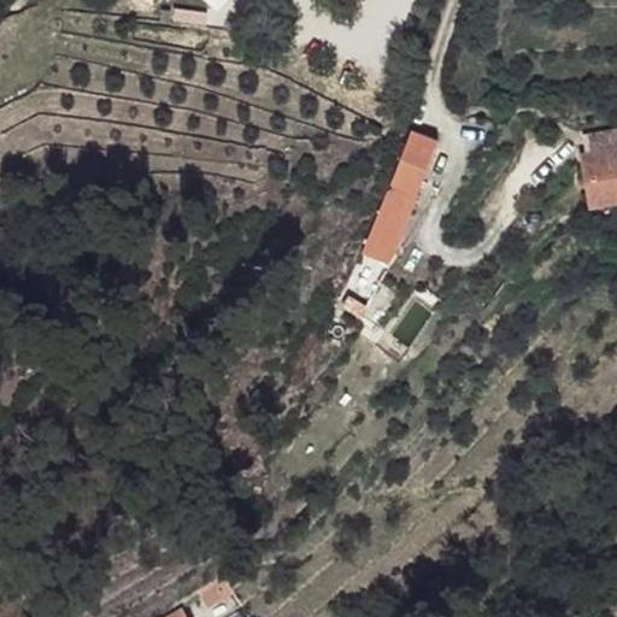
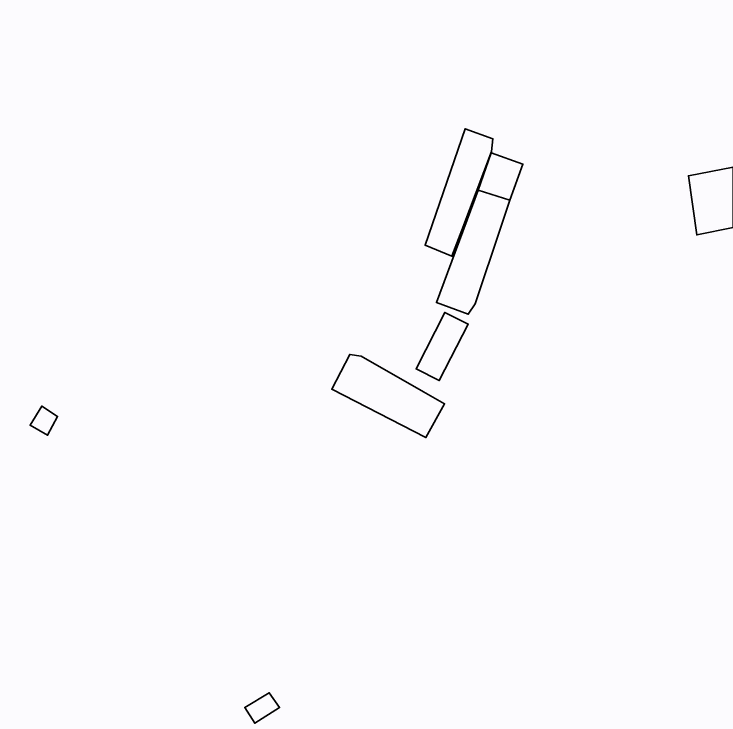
building: none -> [425,129,493,256]
building: none -> [332,355,445,437]

